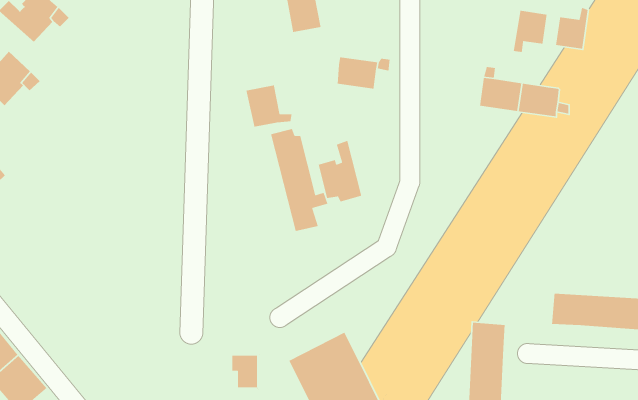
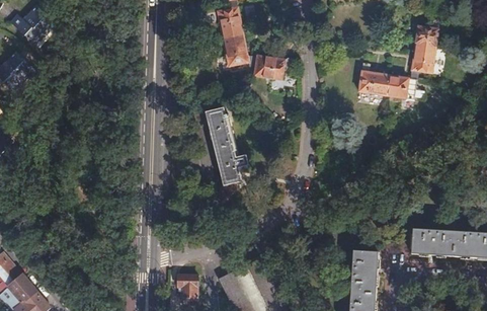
building: [513,10,547,53] -> [409,48,434,79]
building: [245,85,292,127] -> [222,34,256,66]
building: [318,140,362,203] -> none

